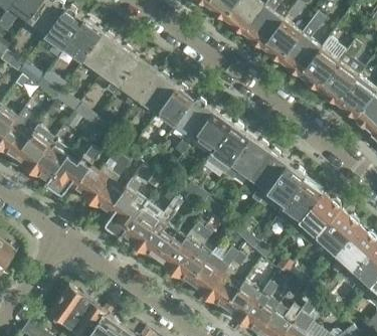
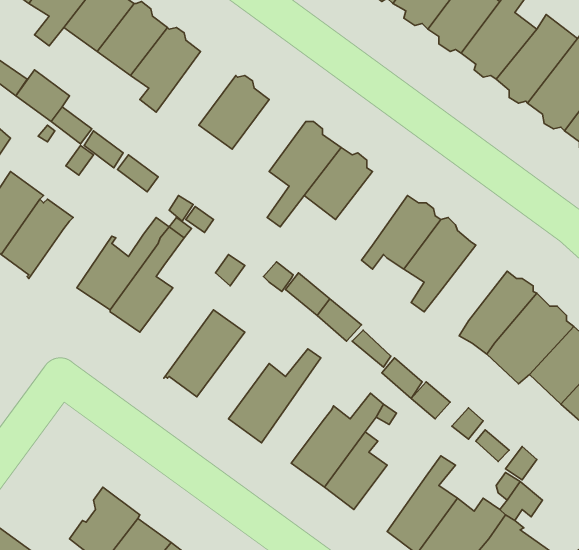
building: [120,59,158,109] -> none
building: [156,87,196,127] -> none
building: [207,125,251,174] -> none
building: [45,146,98,195] -> none
building: [260,166,306,208] -> none
building: [106,179,146,238] -> none
building: [137,196,182,261] -> none
building: [172,227,211,285] -> none
building: [222,280,261,322] -> none
building: [48,286,85,326] -> none

